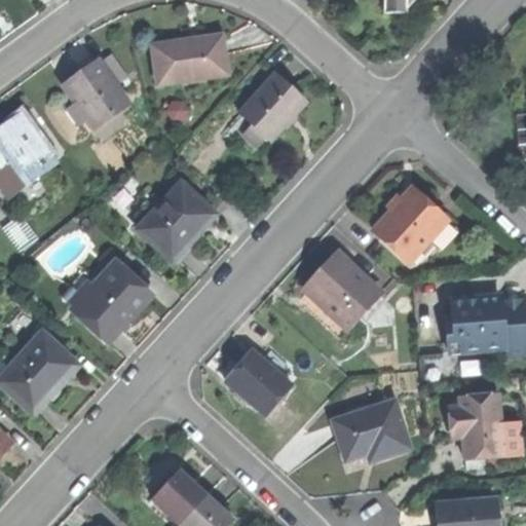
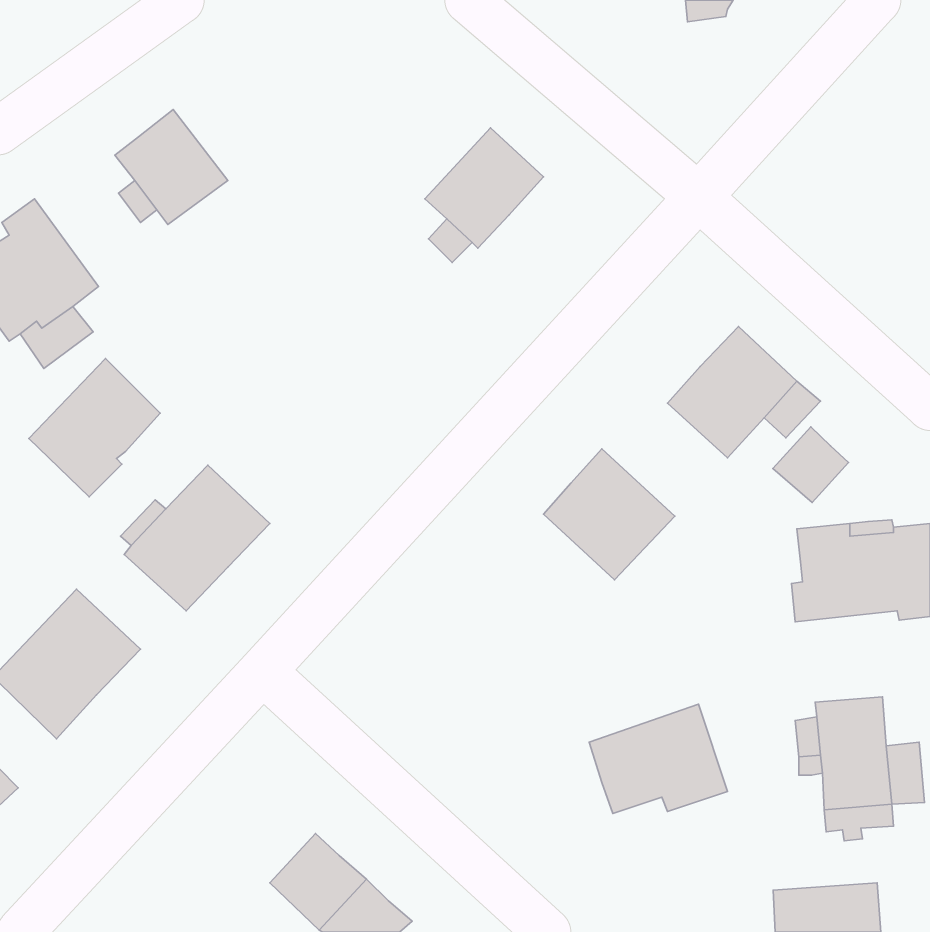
building: [152,36,227,83] -> none
building: [138,182,212,260] -> [29,358,160,497]
building: none -> [773,427,849,503]
building: [227,349,293,413] -> none

